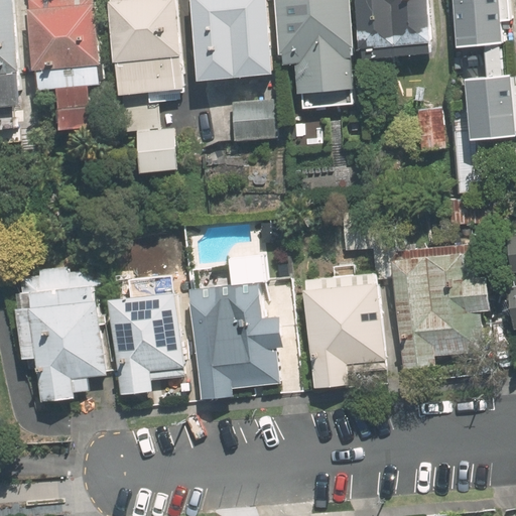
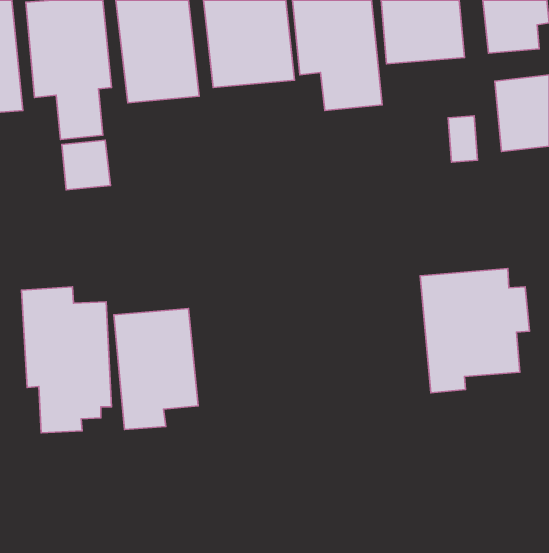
building: [227,96,281,139] -> none
building: [136,127,181,173] -> [62,140,111,190]
building: [301,269,387,386] -> none
building: [185,280,286,401] -> none

